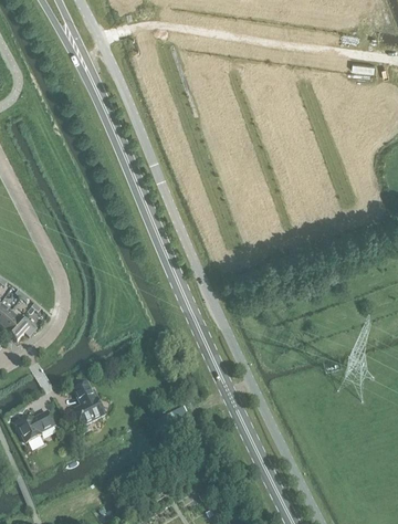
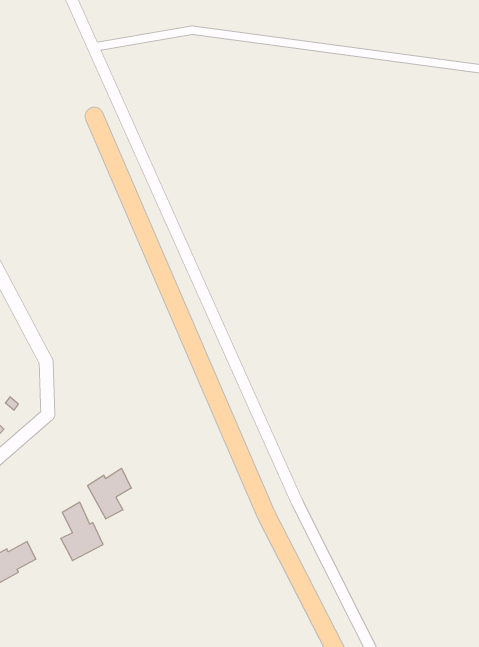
building: none -> [88,468,131,519]

